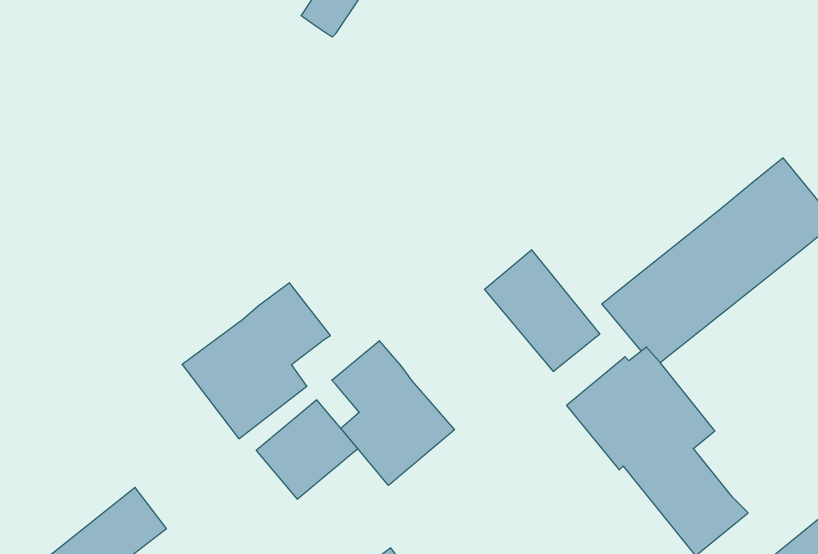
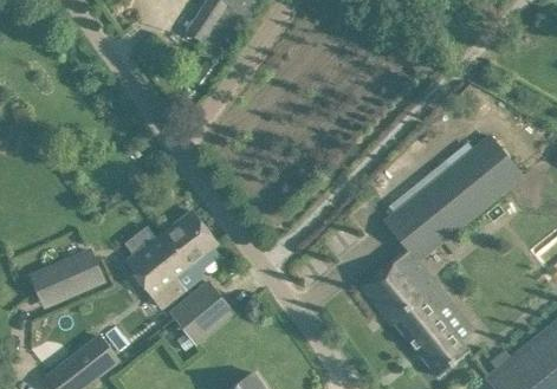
building: [485,250,600,371] -> none
building: [332,341,454,485] -> none
building: none -> [27,248,104,302]

